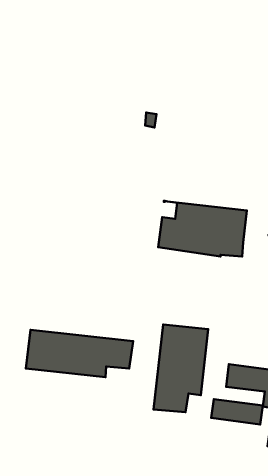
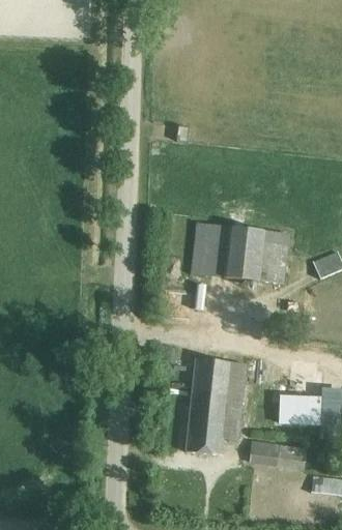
building: [26,330,133,377] -> none

